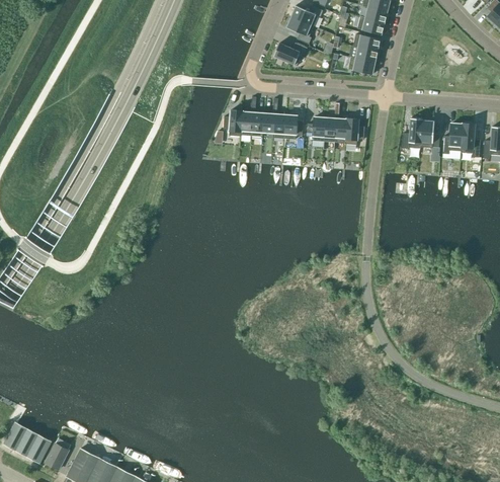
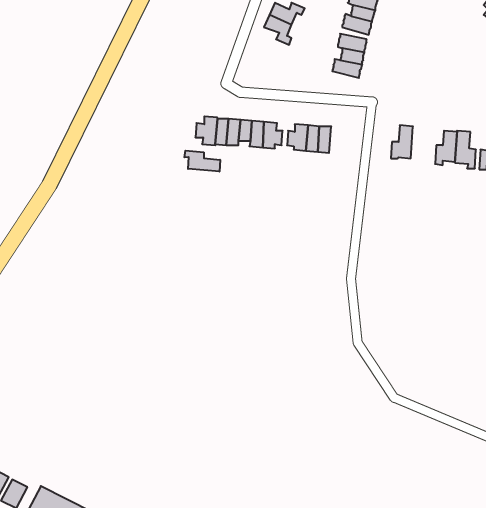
building: [273,43,307,66] -> none
building: [345,117,364,145] -> none
building: [420,118,439,148] -> none
building: none -> [184,151,220,172]

